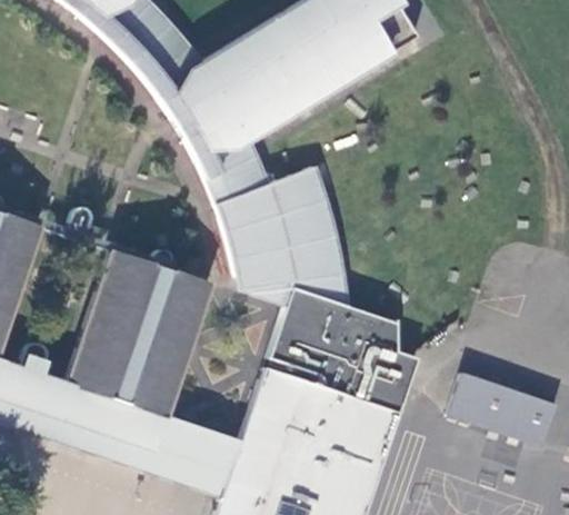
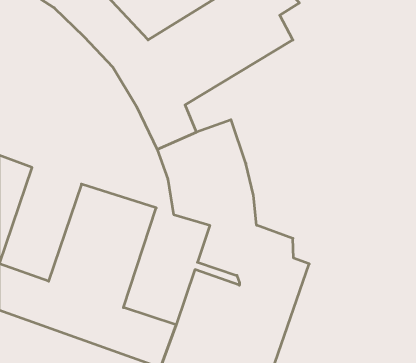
building: [443,366,558,443] -> none

